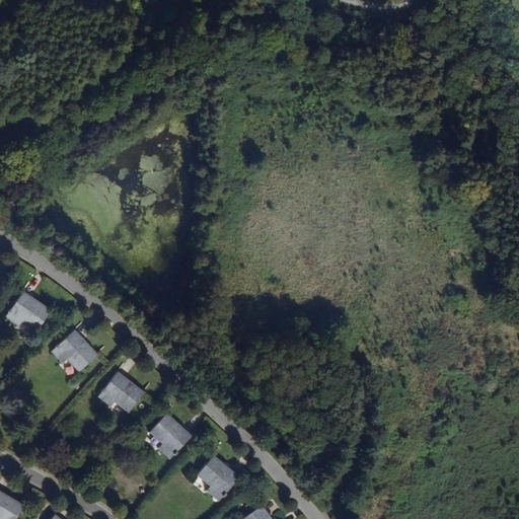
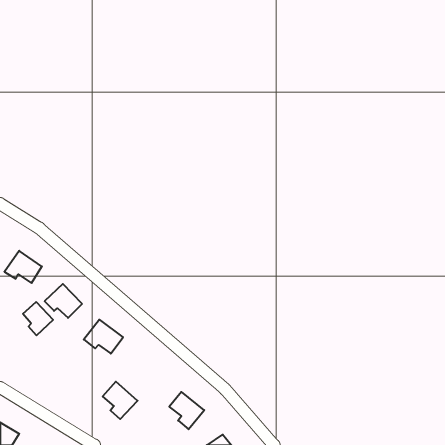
building: none -> [23,302,53,335]
building: [150,414,191,457] -> [103,382,138,419]

